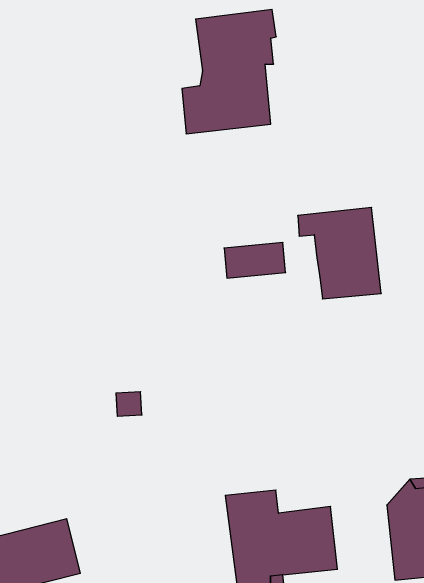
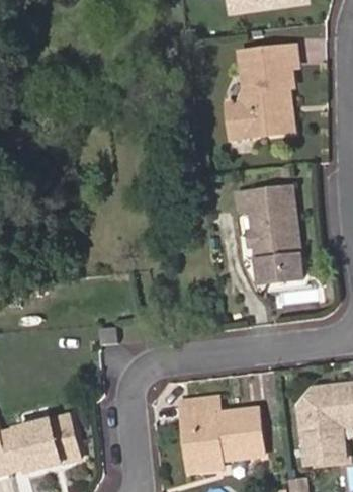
building: [182,9,276,134] -> [228,45,297,137]
building: [224,243,286,278] -> [255,251,300,277]

